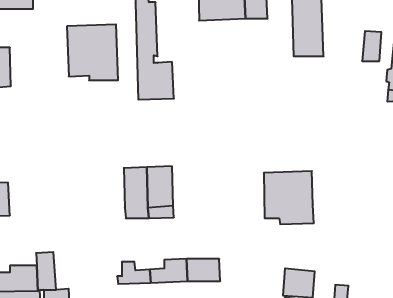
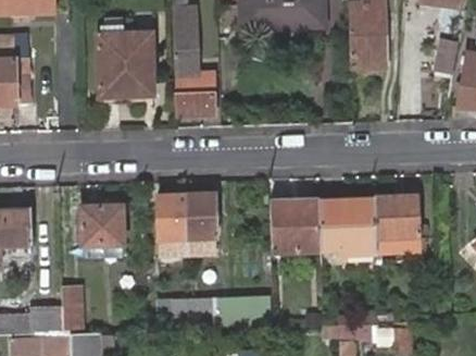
building: none -> [373,196,422,256]
building: none -> [271,198,320,250]
building: none -> [83,206,125,245]

